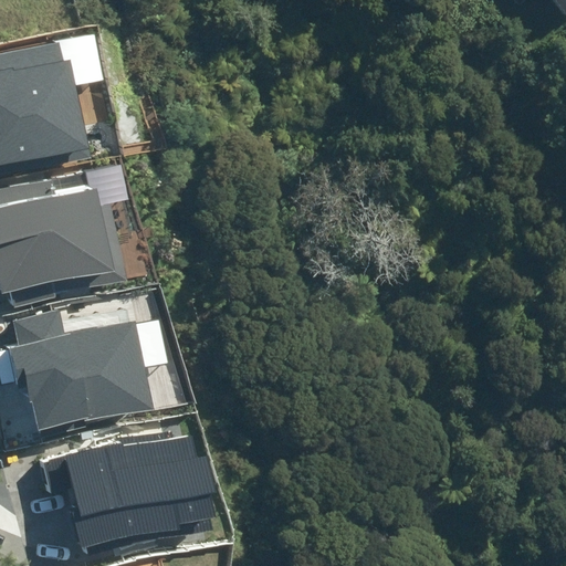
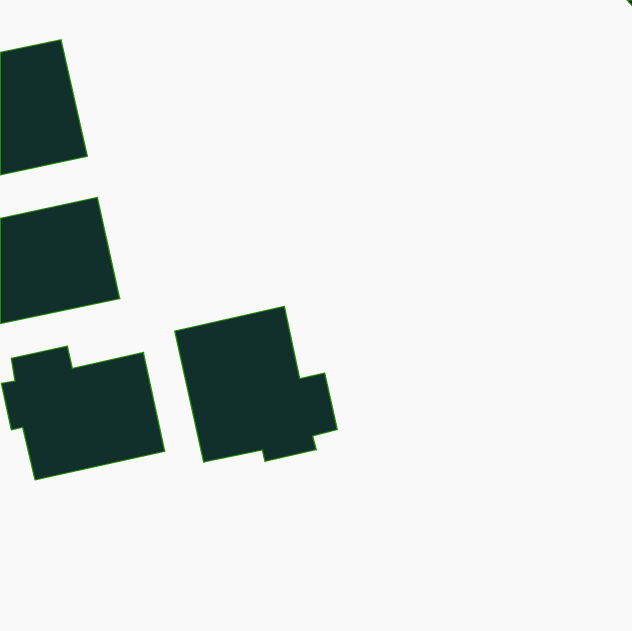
building: none -> [175,306,337,462]
building: [48,431,213,548] -> none

